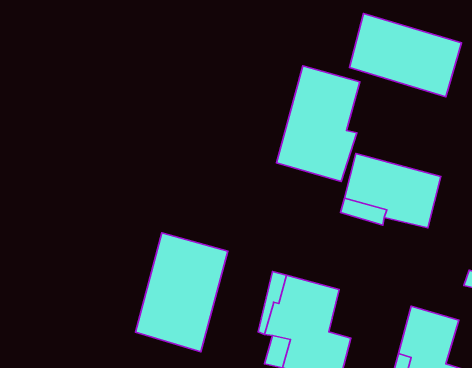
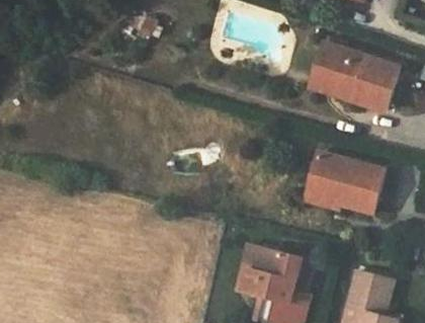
building: [276,66,360,182] -> none
building: [136,233,228,352] -> none

